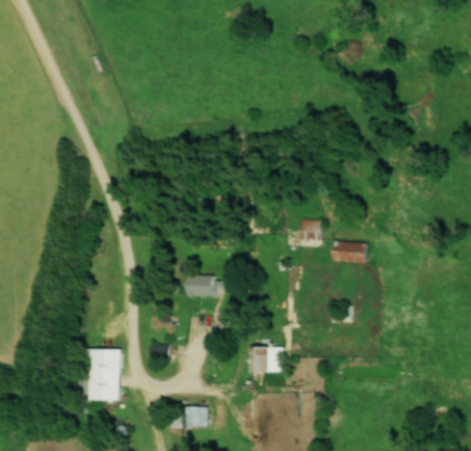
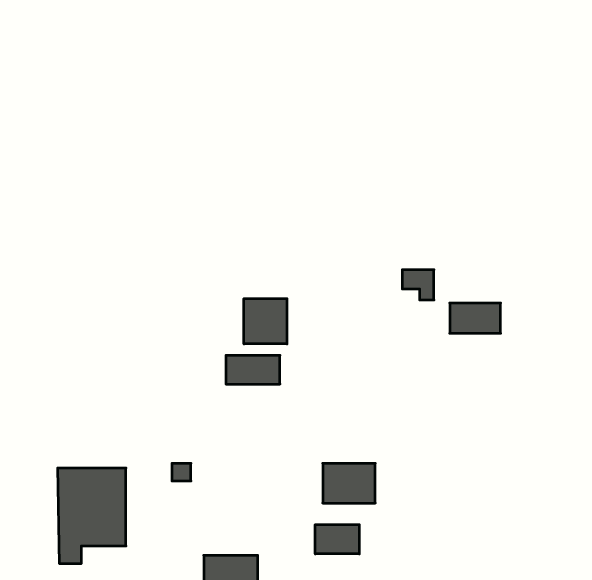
building: none -> [244,299,287,344]
building: none -> [315,525,359,554]

